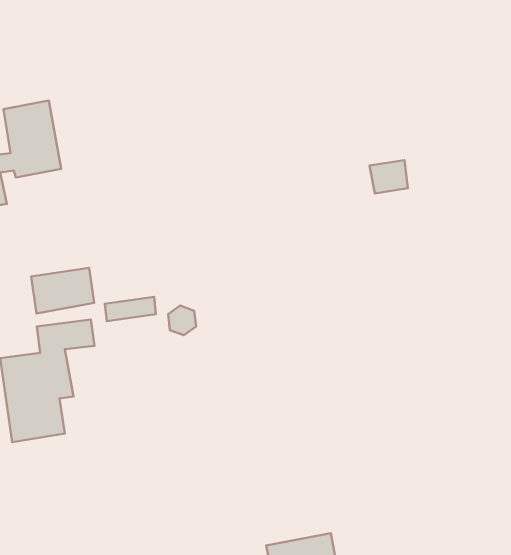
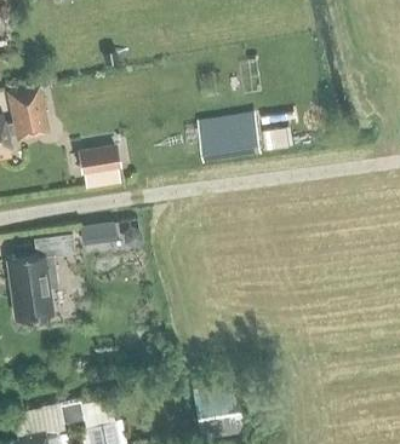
building: none -> [198,110,261,161]
building: [31,268,94,313] -> [76,144,120,175]

